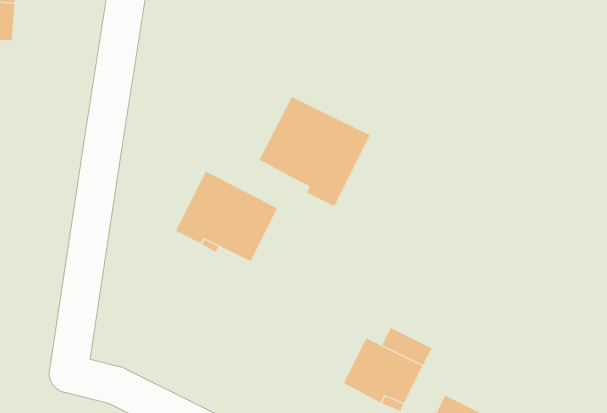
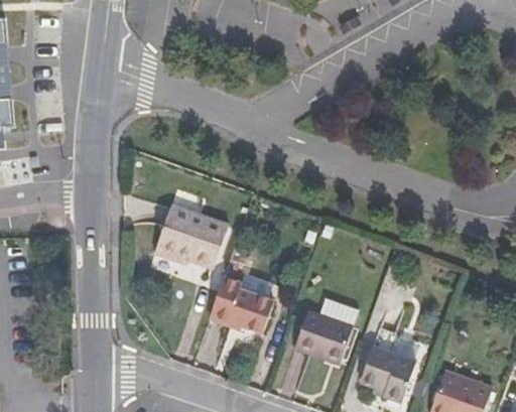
building: [259,96,371,207] -> none
building: none -> [209,277,273,333]

